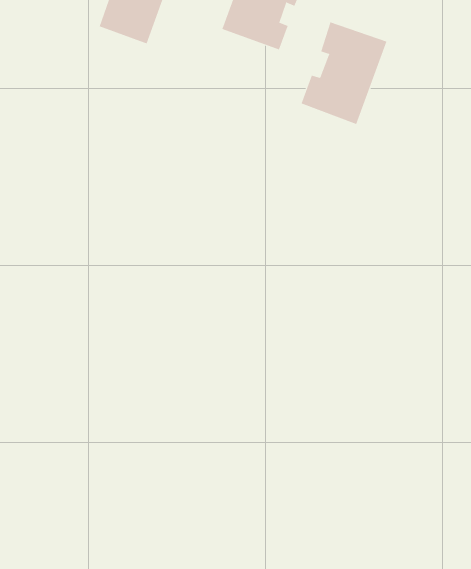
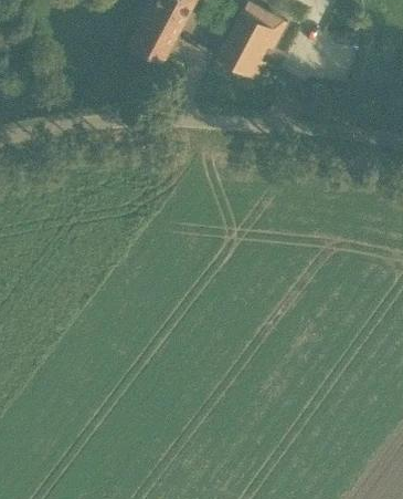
building: [301,22,387,125] -> none

